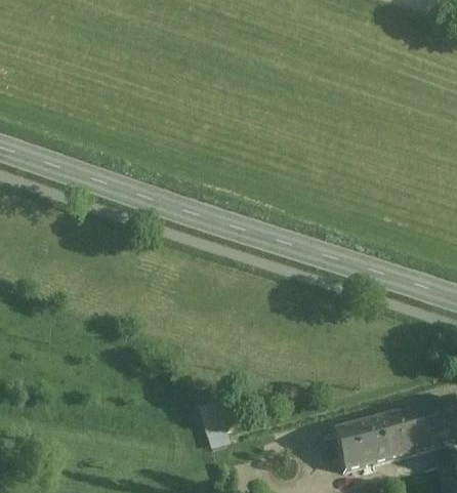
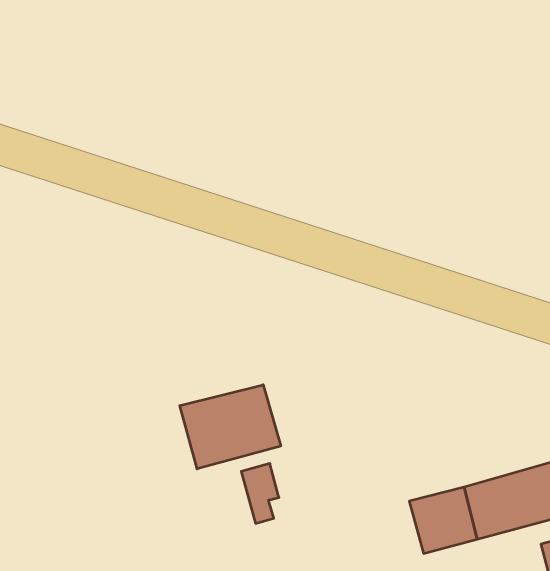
building: none -> [180,385,281,469]

